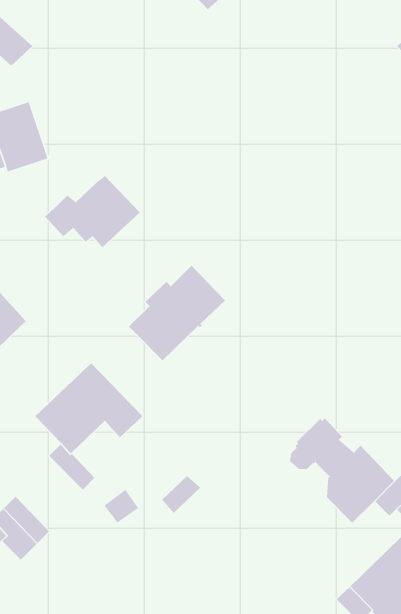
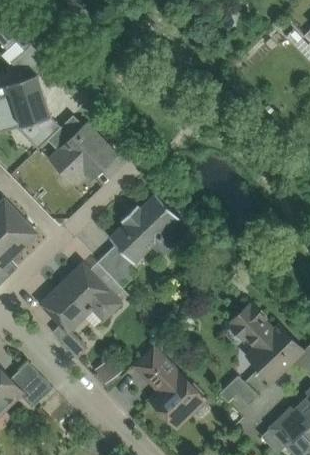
building: none -> [46,116,88,151]
building: none -> [97,245,136,289]
building: none -> [148,363,205,427]
building: none -> [219,376,257,406]

